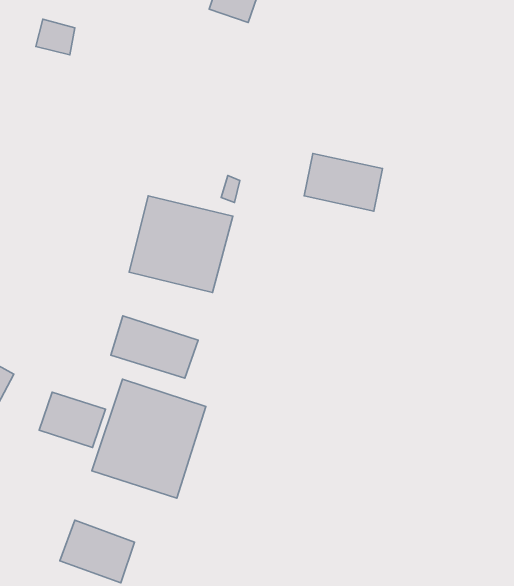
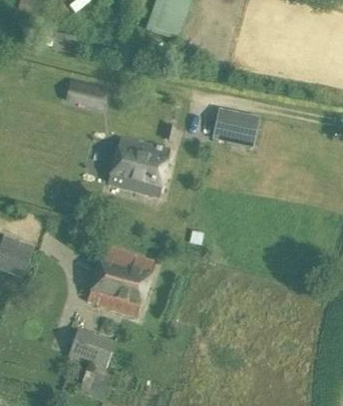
building: [111,316,198,378] -> none
building: [39,392,106,447] -> none

